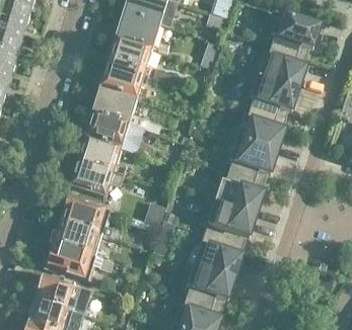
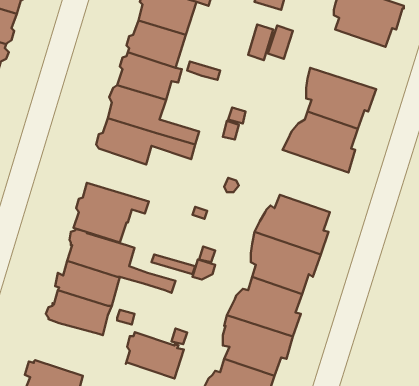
building: [249,45,306,90] -> none
building: [77,136,127,176] -> none
building: [224,137,278,184] -> none
building: [37,274,81,310] -> [126,332,184,378]

